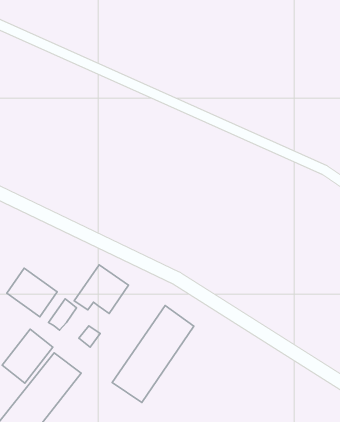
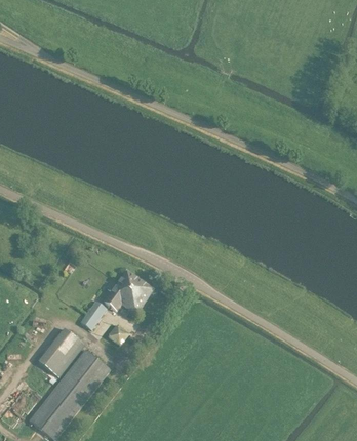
building: [7,268,57,317] -> none
building: [112,305,194,403] -> none

